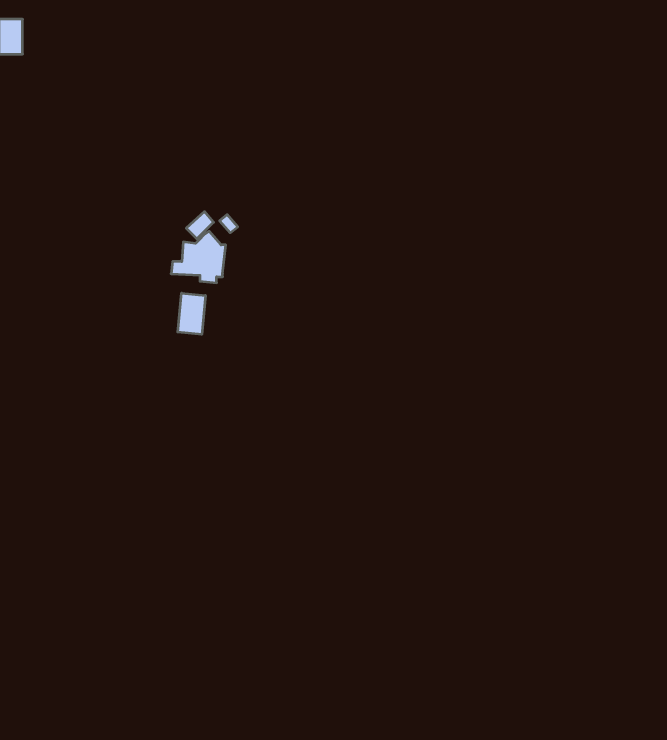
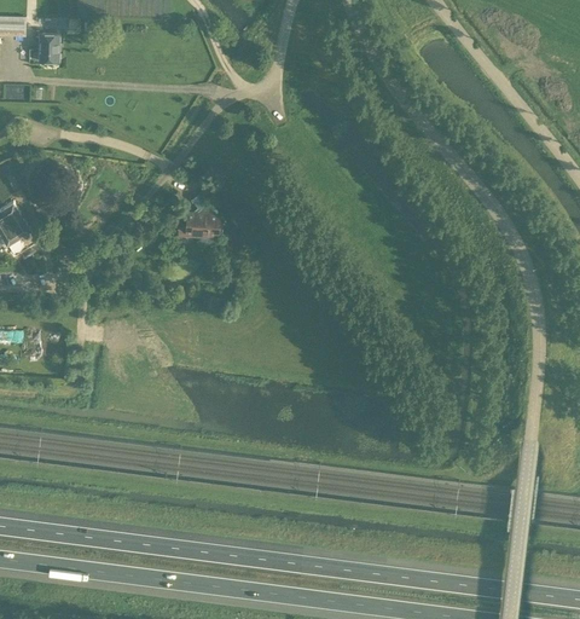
building: [178,293,205,334] -> none

